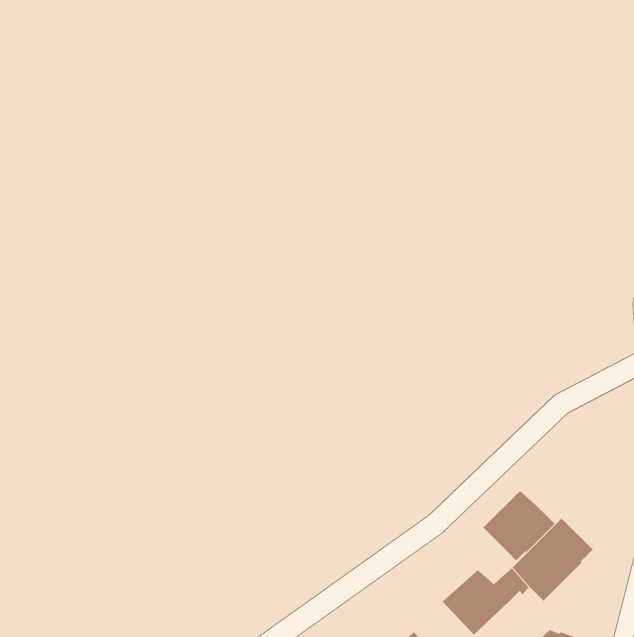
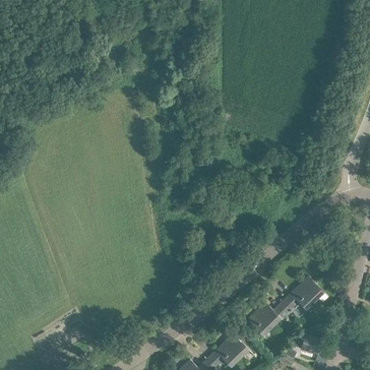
building: [483,490,555,561] -> none

